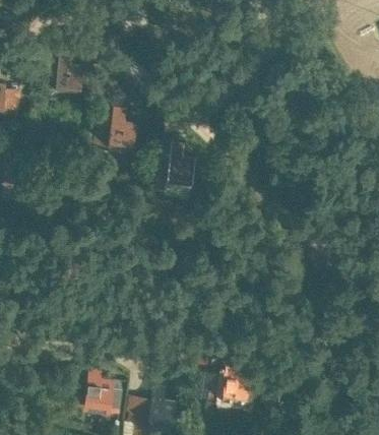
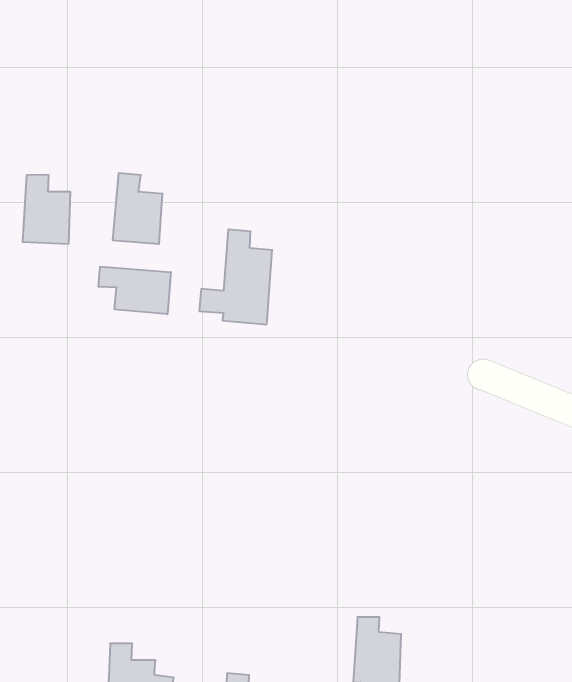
building: [55,55,83,95] -> [22,175,70,244]
building: none -> [99,267,171,314]

